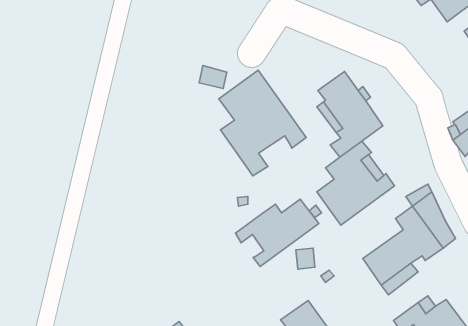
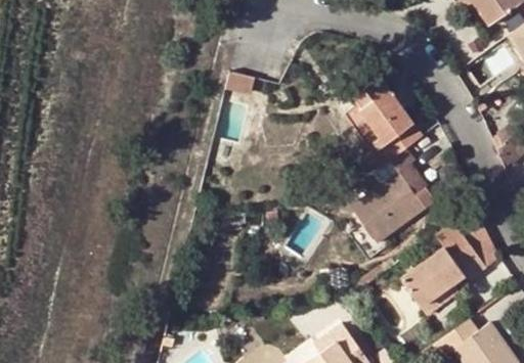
building: [219,70,306,176] -> none
building: [235,199,319,266] -> none

